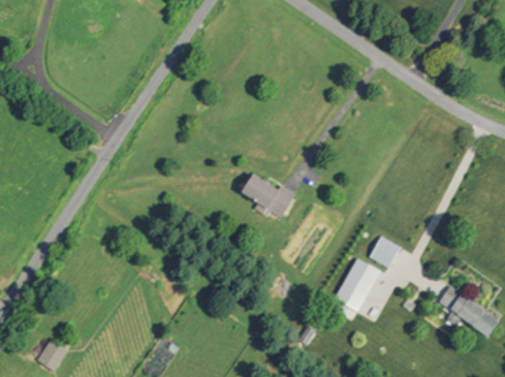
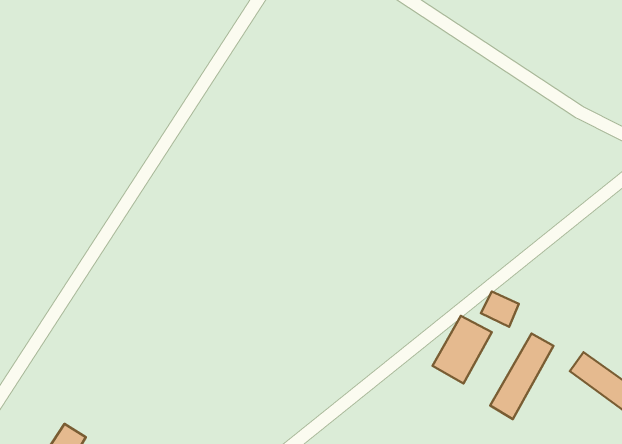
building: [240,174,295,218] -> none
building: none -> [490,333,553,419]

